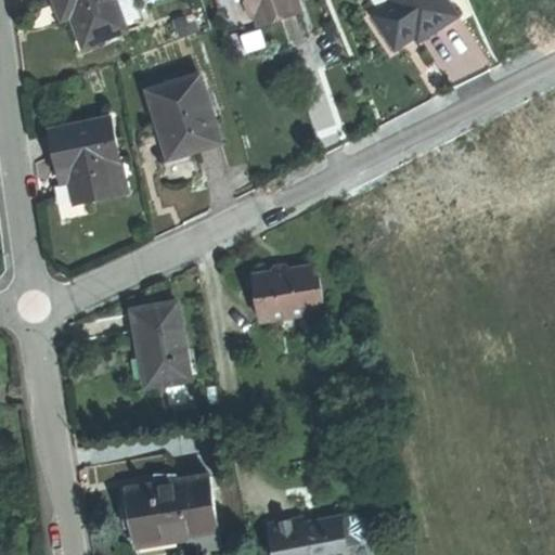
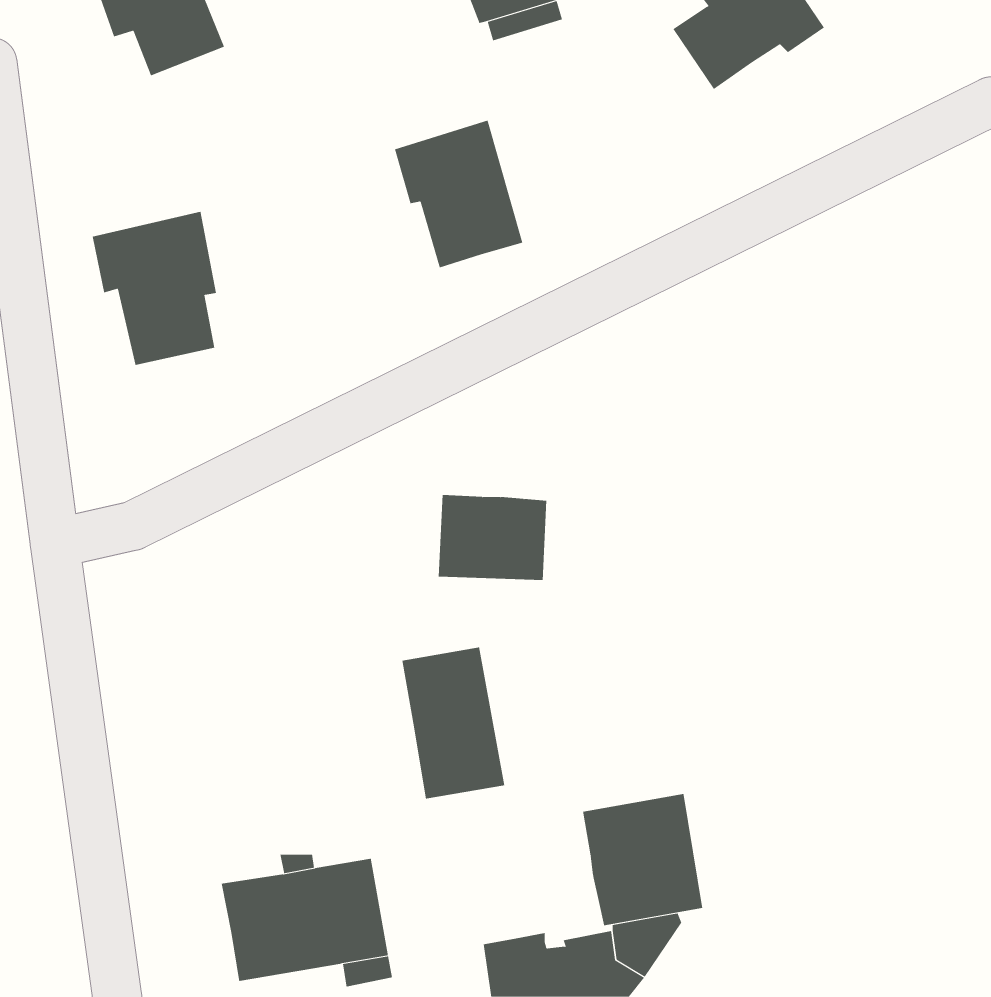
building: [149,75,220,157] -> [394,120,523,268]
building: [130,301,188,386] -> [402,647,505,799]
building: none -> [582,793,703,926]

